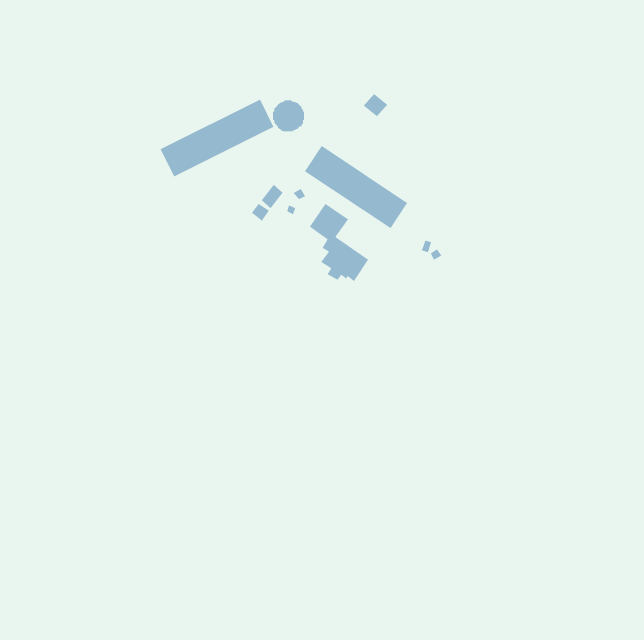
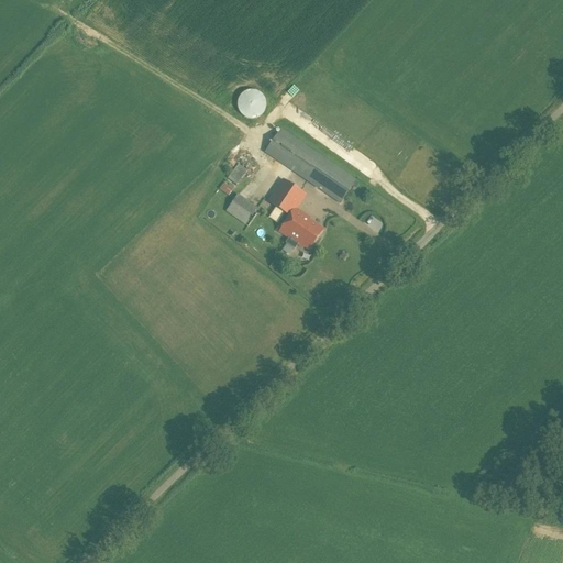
building: [160,99,275,177] -> none
building: none -> [225,191,258,223]

